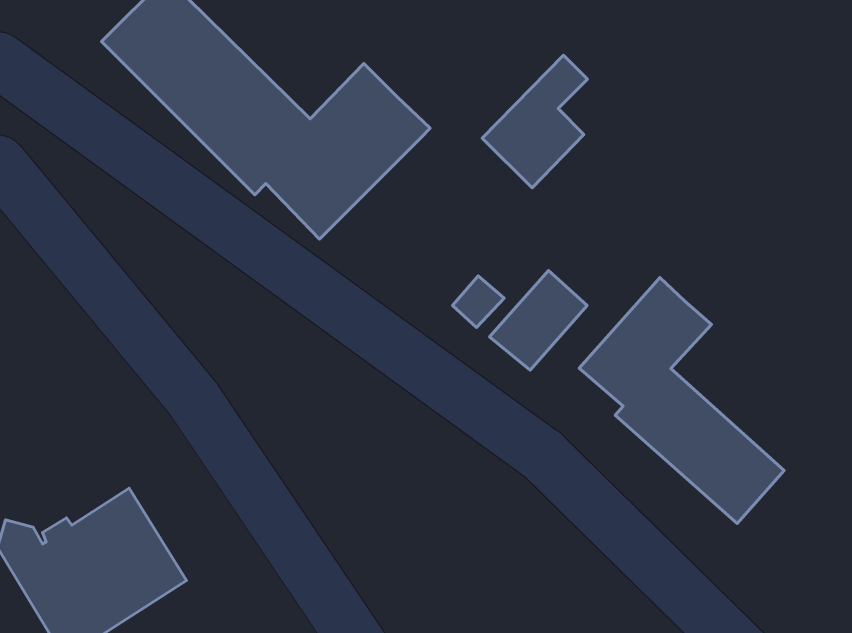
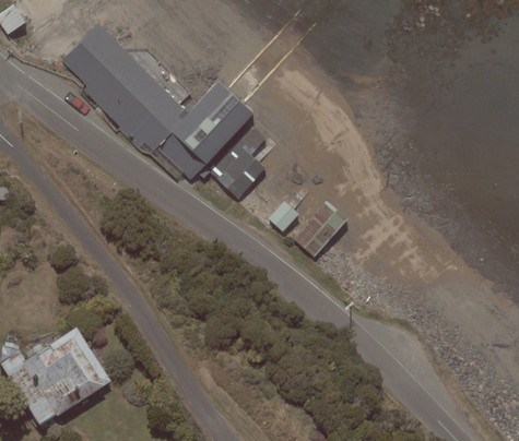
building: [482,55,588,188] -> [207,124,269,203]
building: [579,278,784,523] -> none

